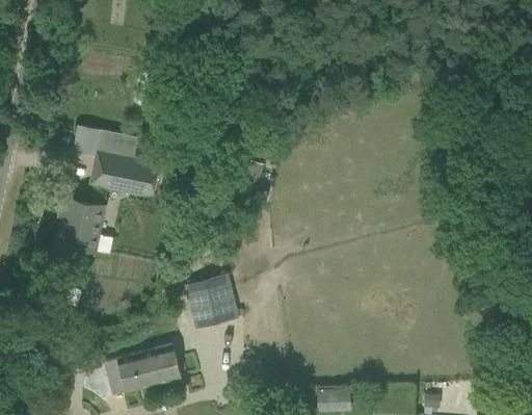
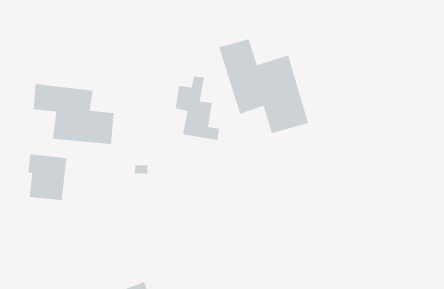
building: none -> [219,38,309,134]
building: [185,275,244,328] -> none

